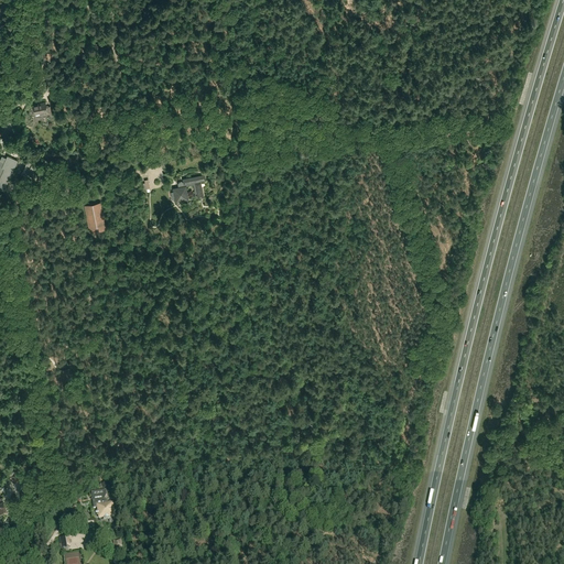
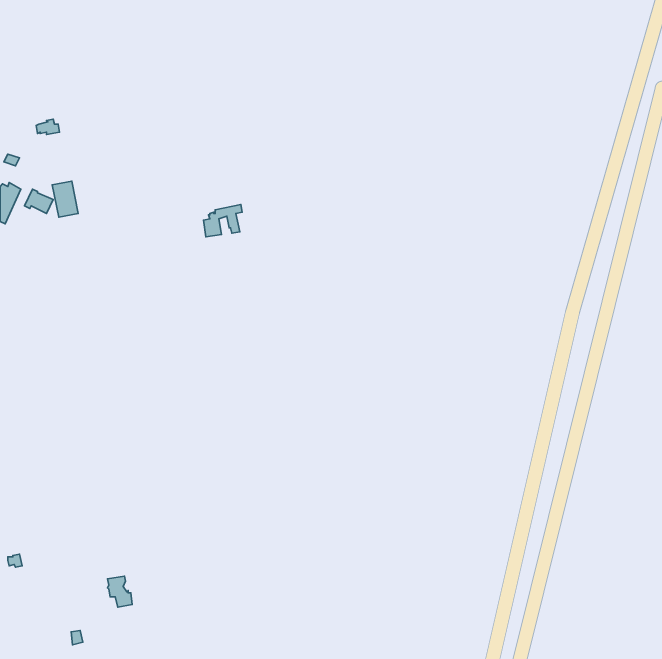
building: [84,204,106,235] -> [52,181,78,217]

